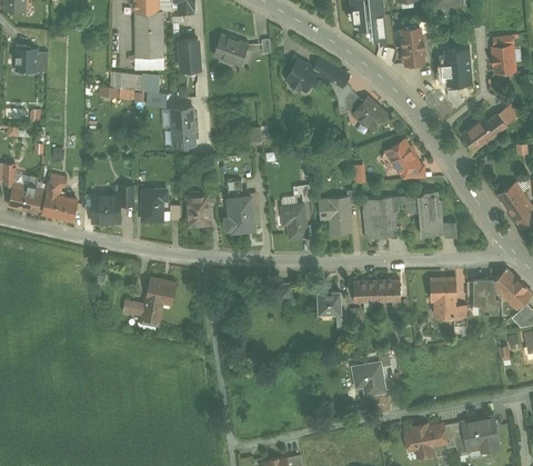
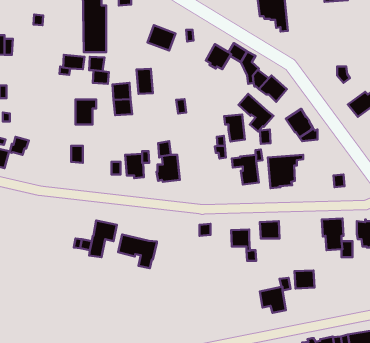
building: [400,27,423,65] -> none
building: [179,40,199,71] -> [137,69,153,94]
building: [440,48,471,86] -> none
building: none -> [238,94,273,132]
building: [141,190,167,221] -> [75,99,96,125]
building: [405,191,439,232] -> none
building: [41,194,77,221] -> none
building: [91,196,119,222] -> none
building: [281,205,306,238] -> [224,114,245,141]
building: [375,278,400,300] -> [295,270,314,288]
building: none -> [118,234,157,268]

